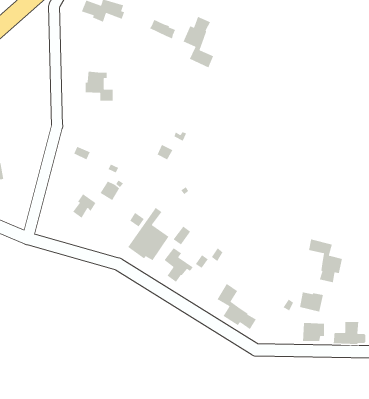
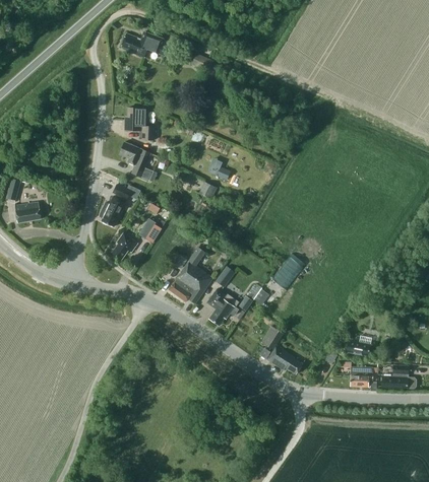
building: [183,16,214,68] -> none
building: none -> [119,141,154,180]
building: none -> [100,195,126,226]
building: none -> [272,255,303,288]
building: [308,238,343,283] -> none

